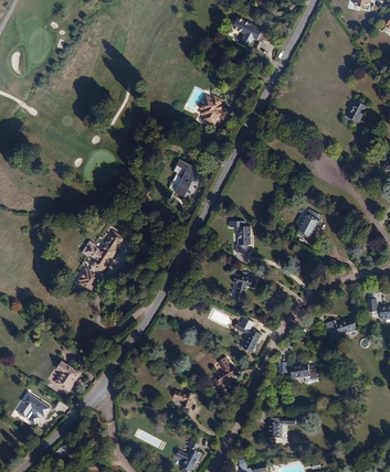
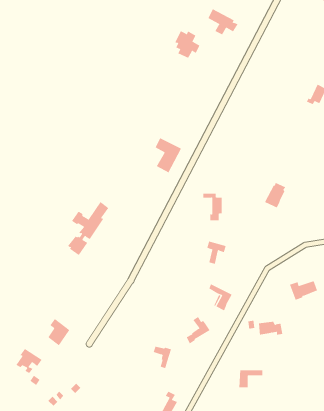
building: [199,94,228,125] -> [174,31,200,58]

